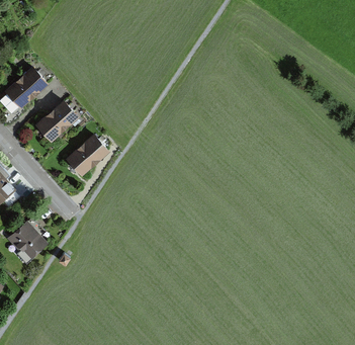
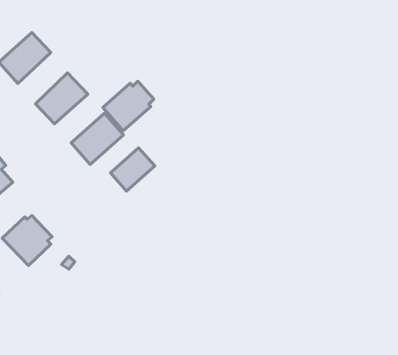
building: none -> [103,81,154,131]
building: none -> [110,148,155,191]

